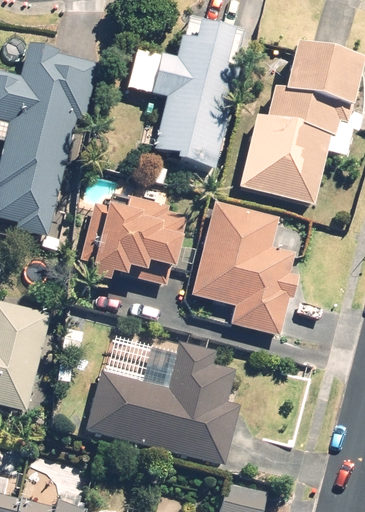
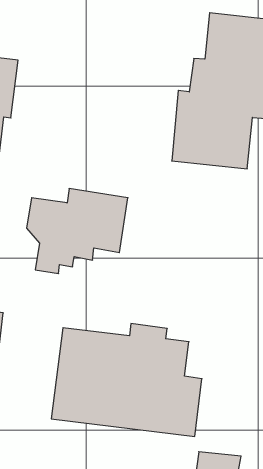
building: [128,20,237,170] -> none
building: [189,206,301,335] -> none

